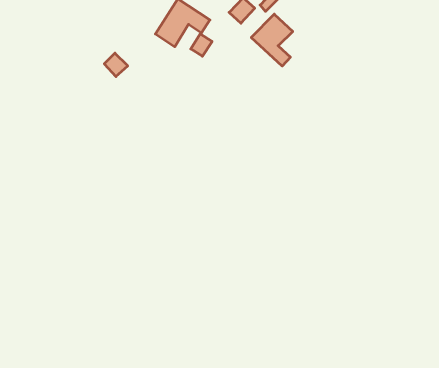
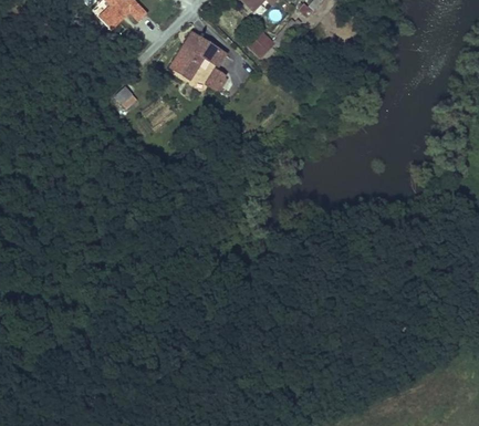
building: [251,14,293,66] -> none

